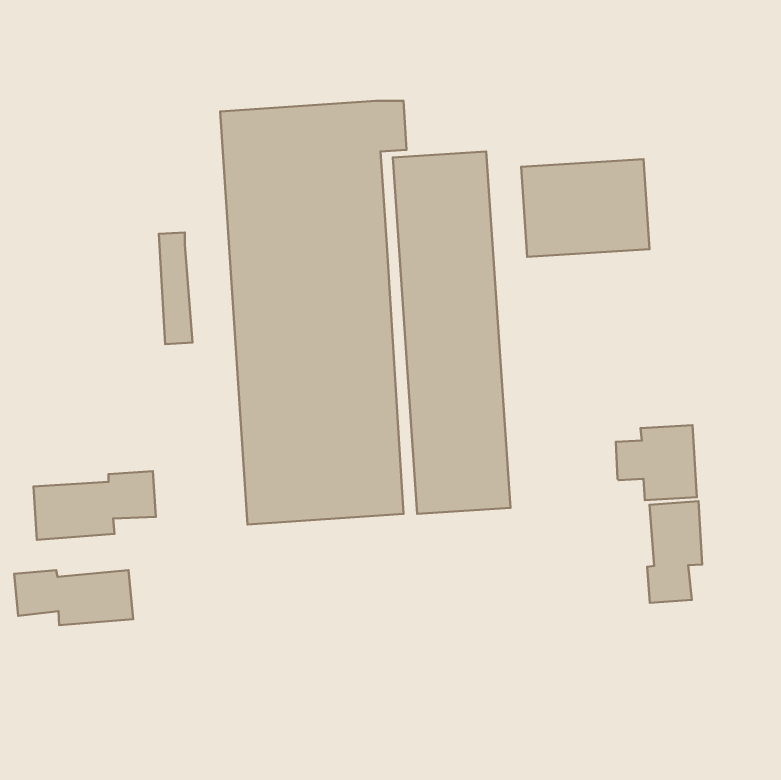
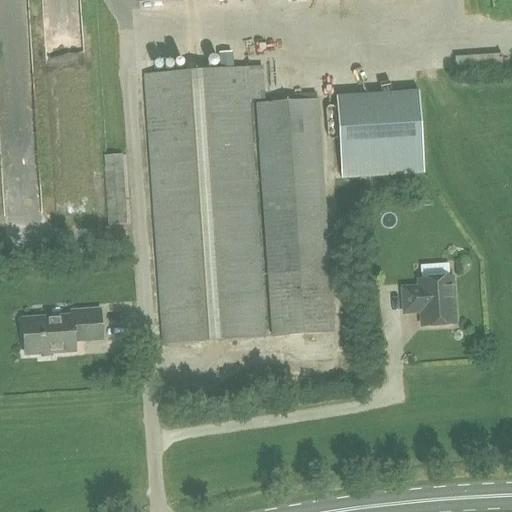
building: none -> [342,82,420,107]
building: [647,501,702,603] -> none
building: [14,570,133,625] -> none

